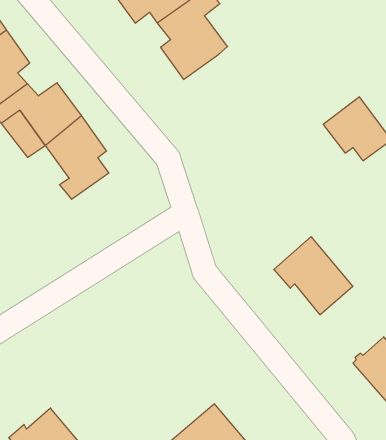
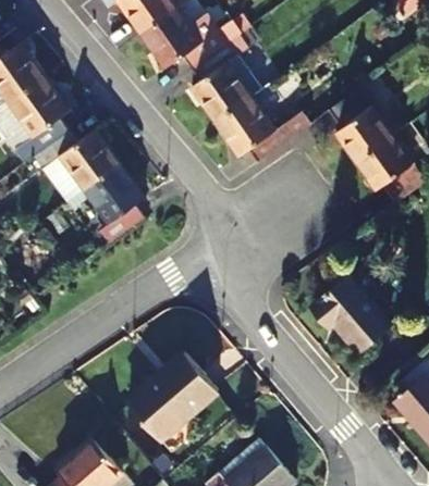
building: none -> [331,90,395,166]
building: none -> [221,97,316,161]
building: none -> [119,362,206,450]

